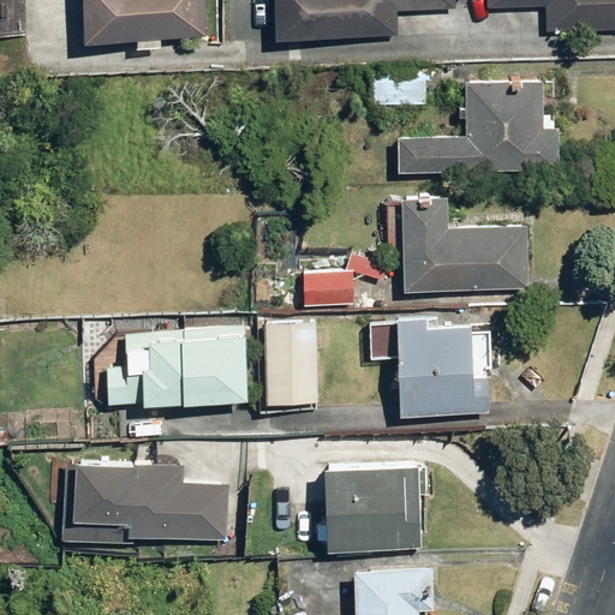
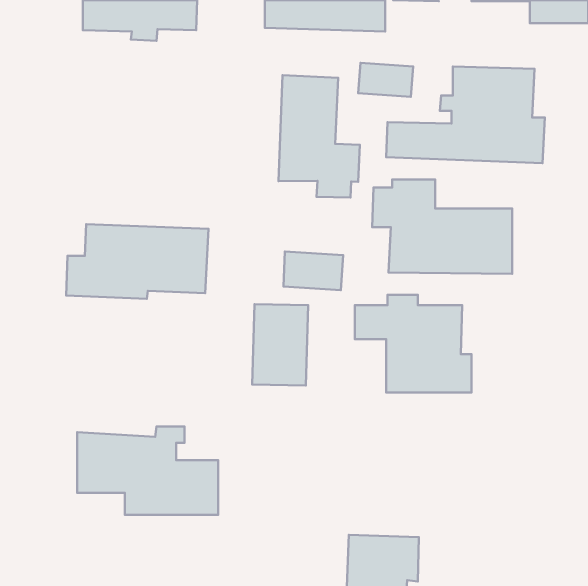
building: none -> [278,75,360,198]
building: [103,329,250,406] -> [66,224,209,299]
building: [311,461,424,547] -> none

